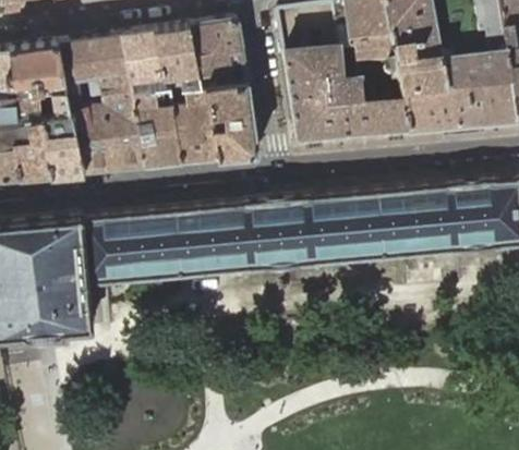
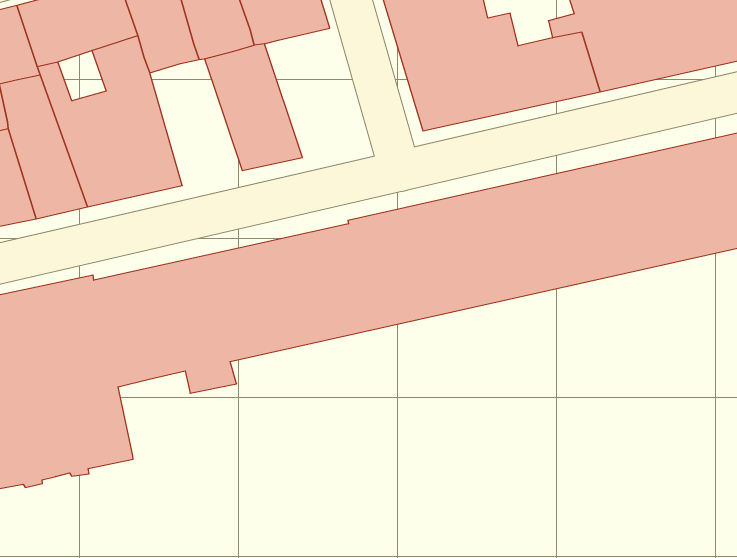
building: [206,78,258,156] -> none
building: [133,88,182,163] -> none

